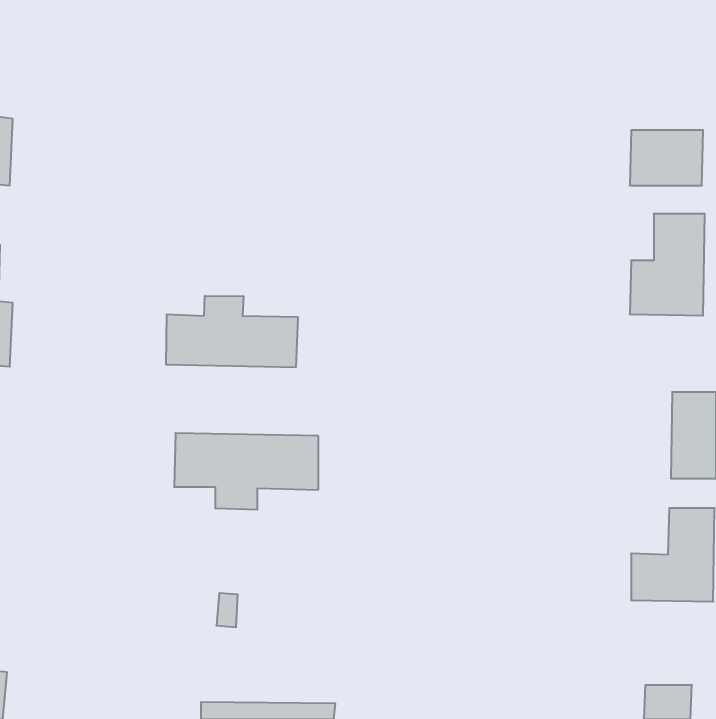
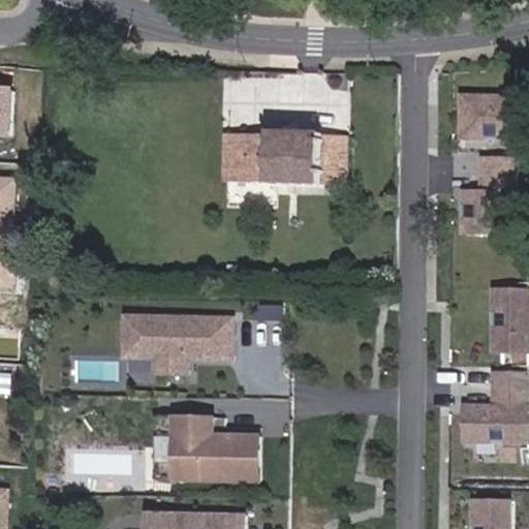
building: none -> [223,131,344,183]
building: [166,296,298,367] -> none
building: none -> [175,415,259,479]

